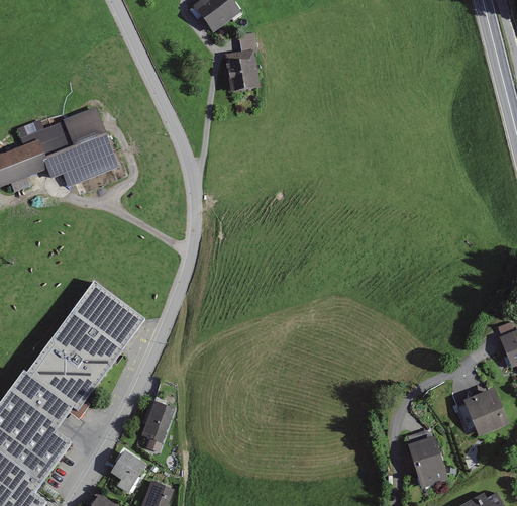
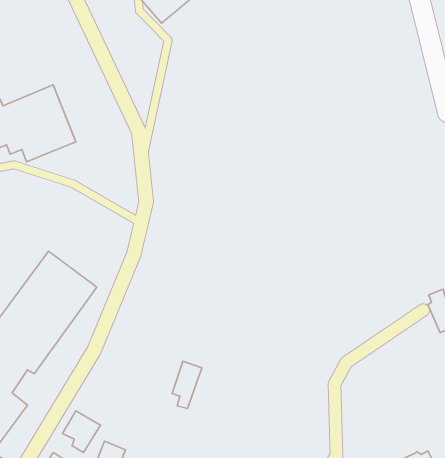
building: [225,34,261,94] -> none
building: [461,390,507,438] -> none
building: [141,403,173,453] -> [172,361,202,409]
building: [406,438,447,490] -> none

